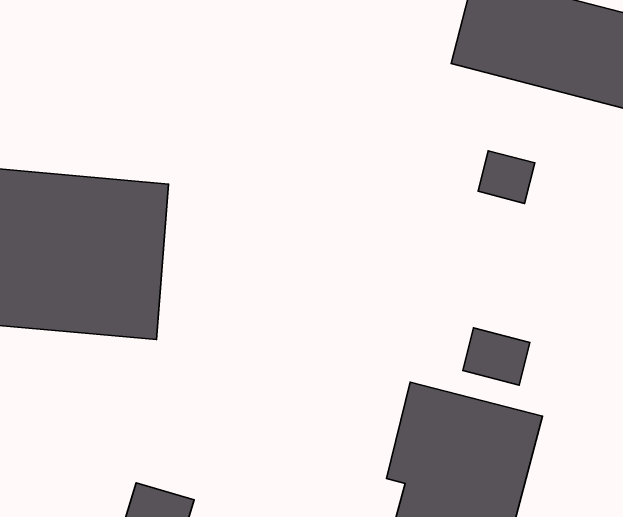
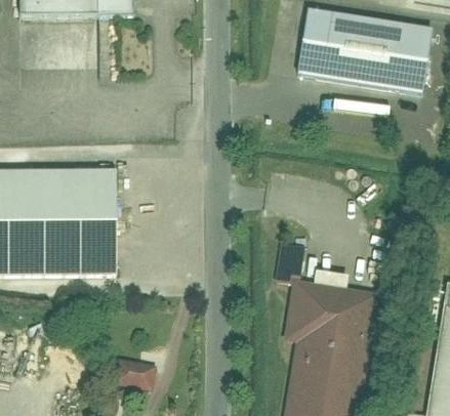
building: [478,151,535,203] -> none
building: [463,328,530,385] -> none

